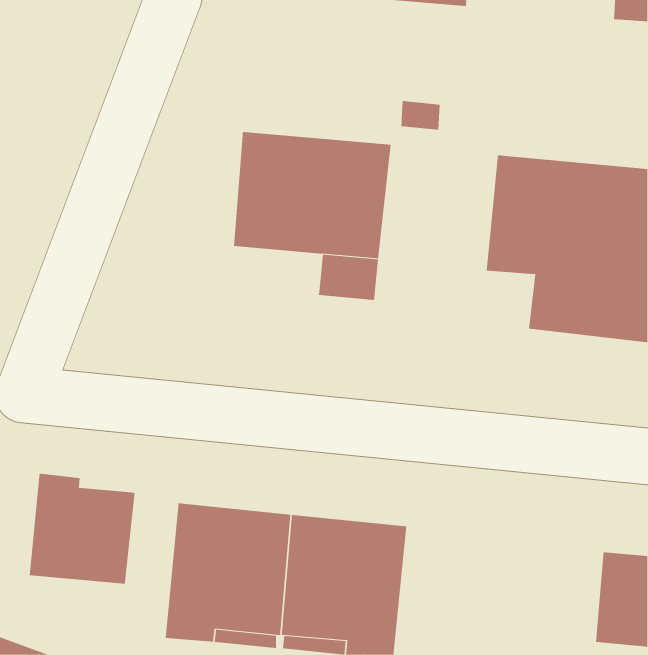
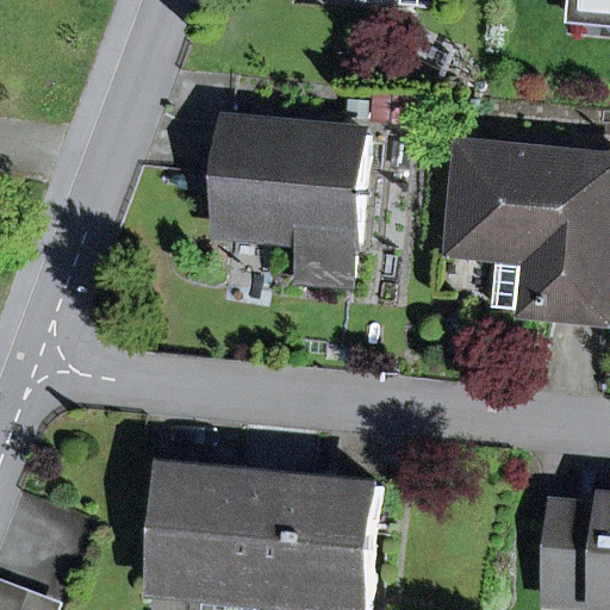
building: [29,473,135,584] -> none

